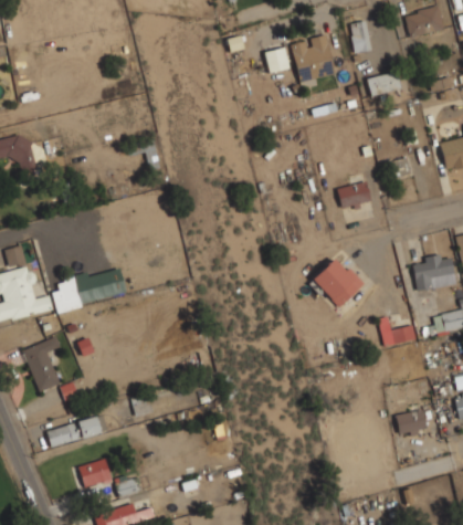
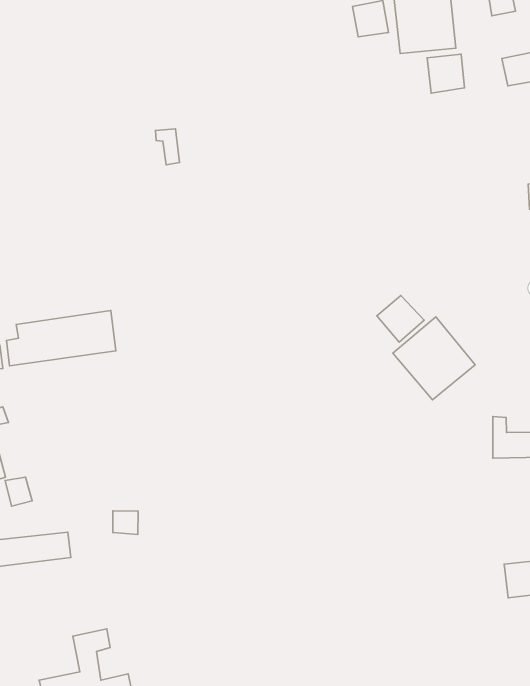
building: none -> [427,54,465,93]
building: [338,182,372,209] -> none
building: none -> [377,295,424,342]
building: [80,459,112,487] -> none

